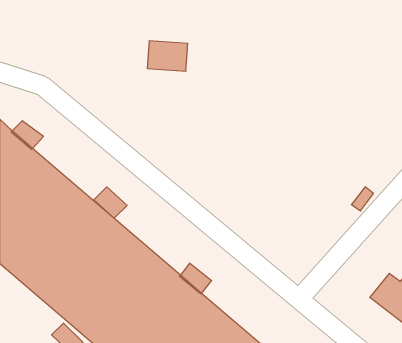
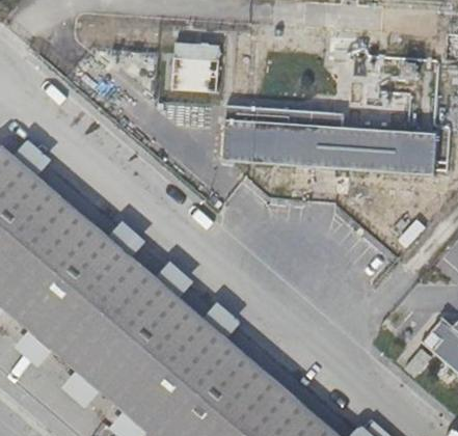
building: none -> [219,103,433,174]

